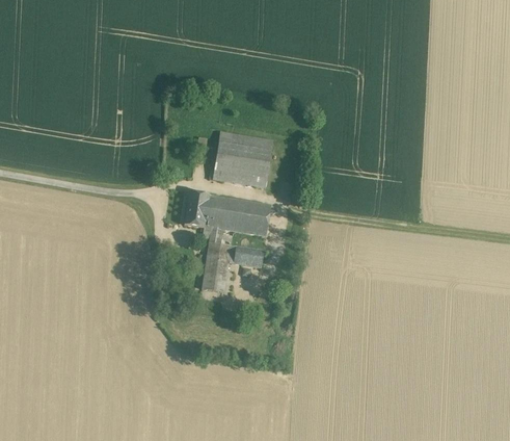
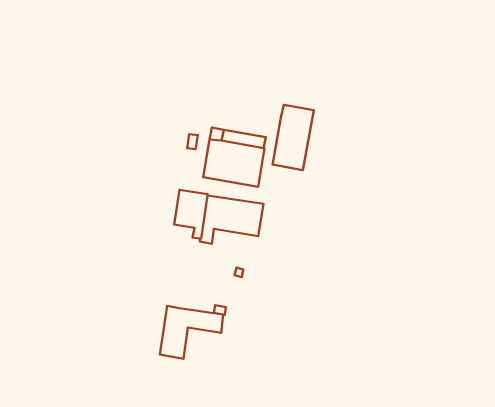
building: none -> [272,105,314,170]
building: [203,241,264,292] -> [160,306,223,359]

